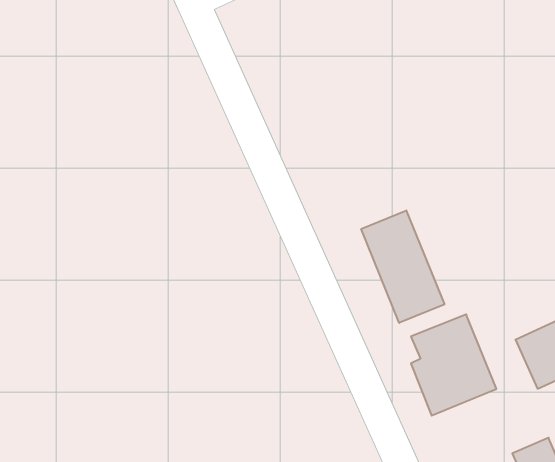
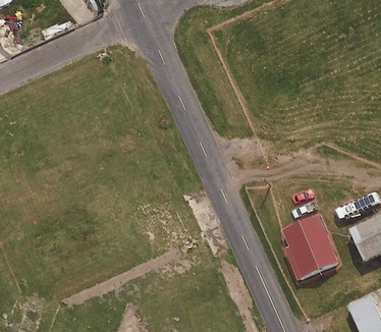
building: [361,210,444,323] -> none

